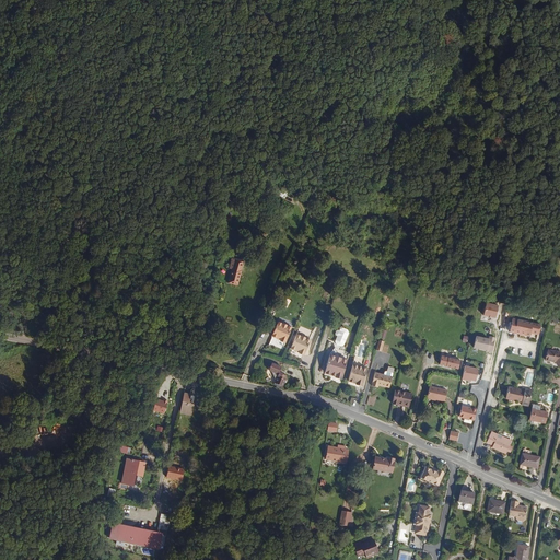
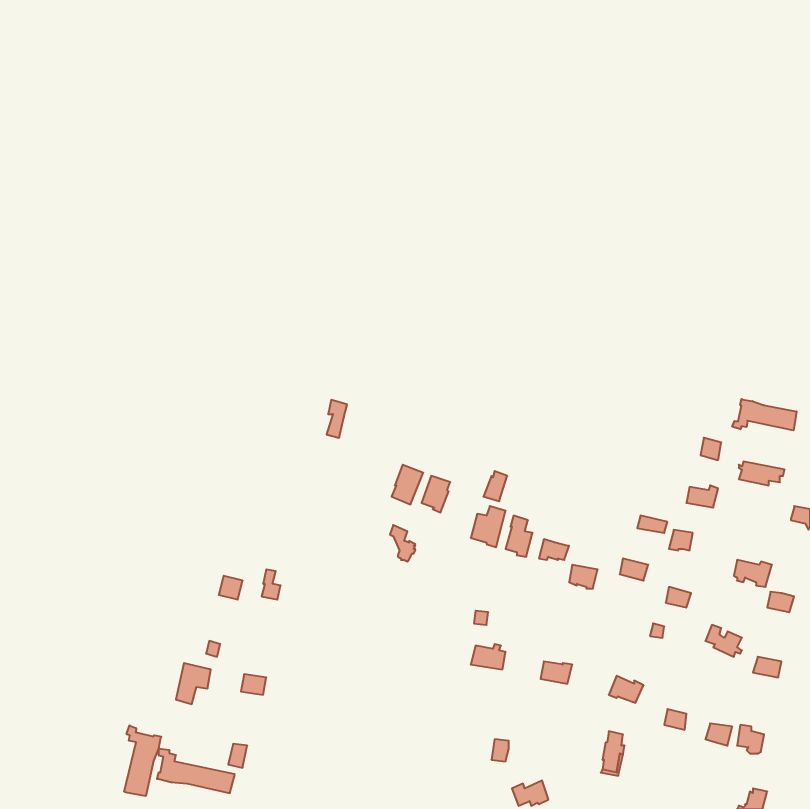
building: none -> [732,399,797,430]
building: none -> [124,725,161,796]

